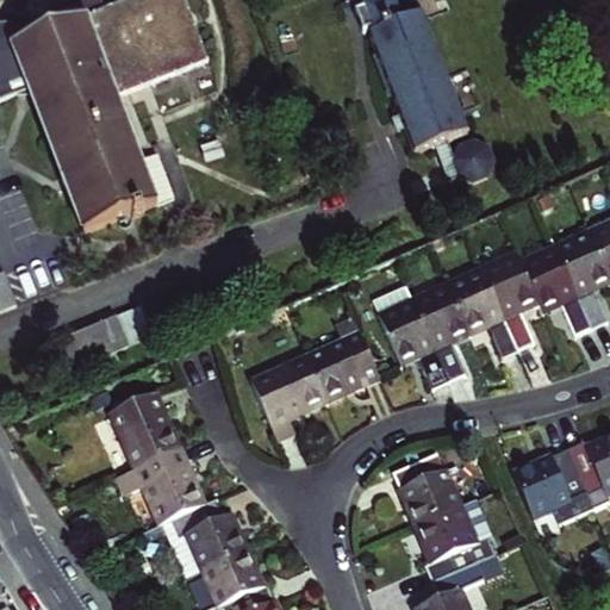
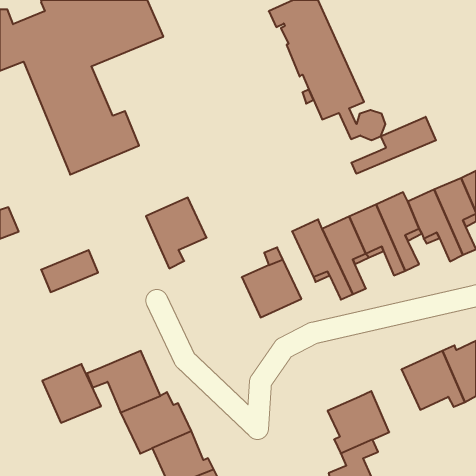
building: none -> [351,117,436,174]
building: [255,355,332,446] -> [146,198,207,268]
building: [105,396,180,471] -> [42,364,101,423]
building: [392,450,459,525] -> none

